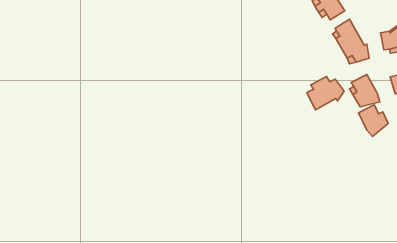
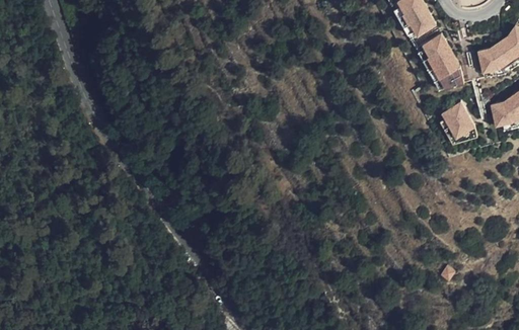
building: [307,76,344,110] -> none
building: [359,105,388,137] -> none

